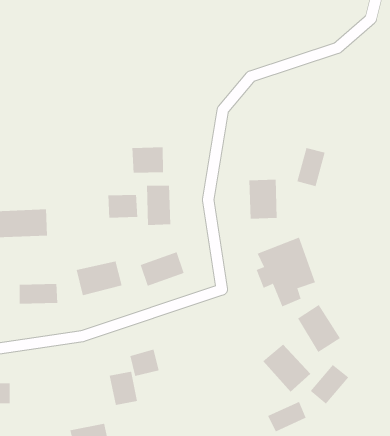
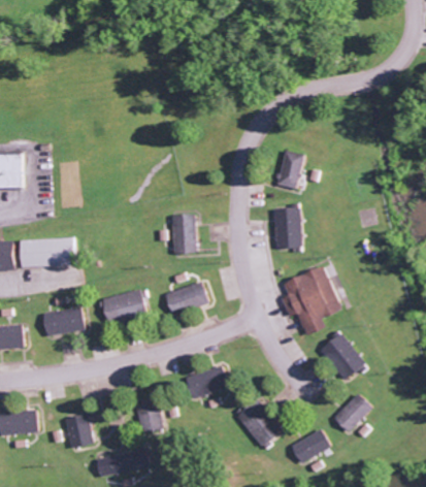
building: [132,147,164,174] -> none
building: [297,147,326,187] -> [275,150,304,189]
building: [108,194,138,218] -> none
building: [262,344,311,392] -> [236,399,285,448]
building: [129,349,159,377] -> [187,369,217,397]
building: none -> [64,415,90,448]

